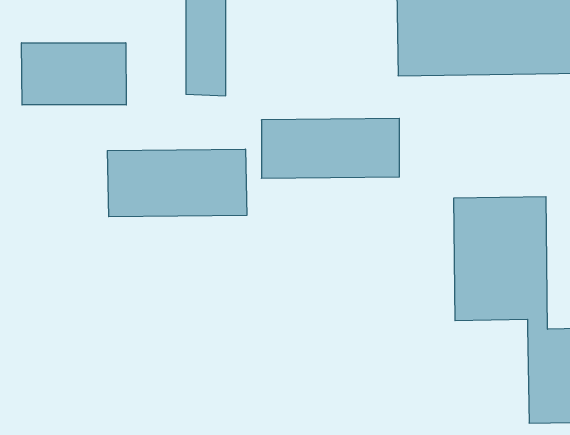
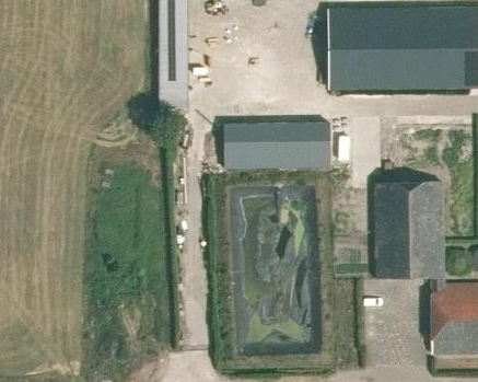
building: [22,43,126,105] -> none
building: [107,149,247,217] -> none

